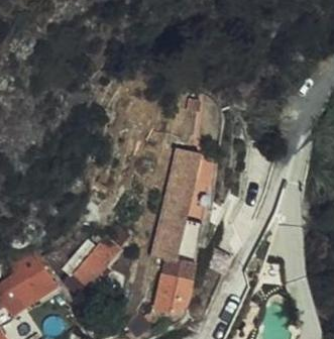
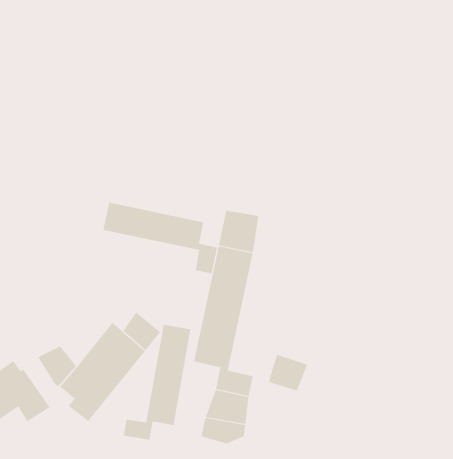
building: none -> [103,202,217,274]
building: none -> [123,324,191,441]

